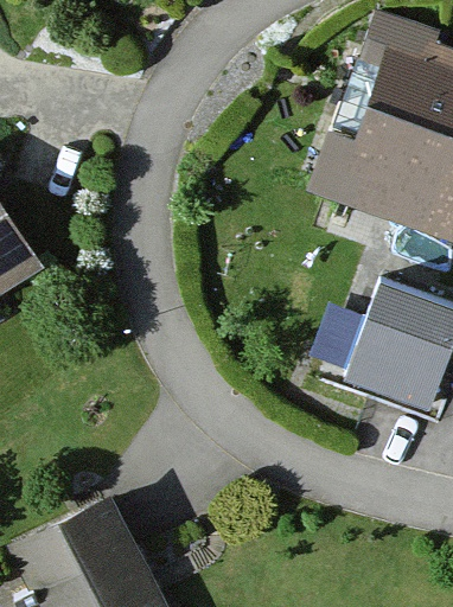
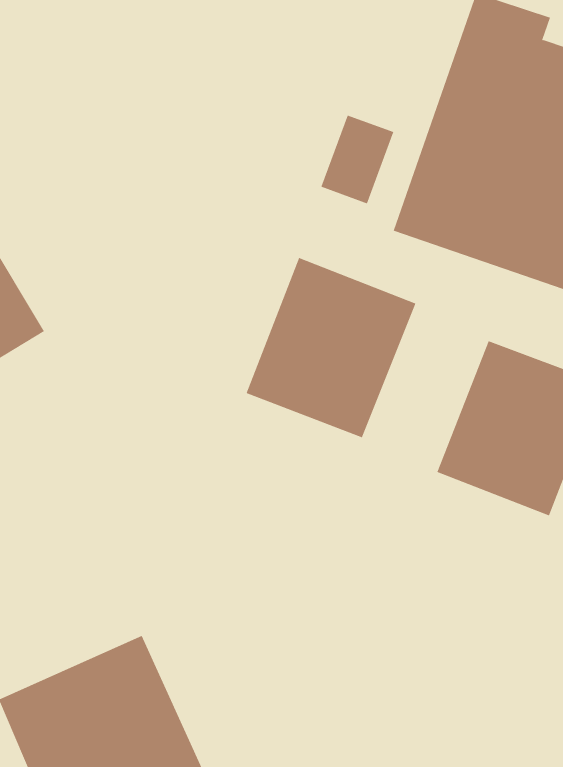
building: none -> [246,257,416,438]

